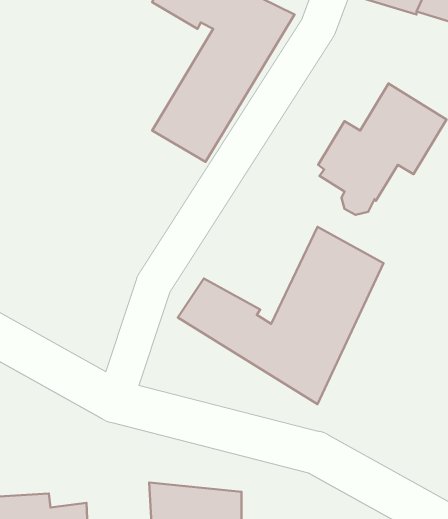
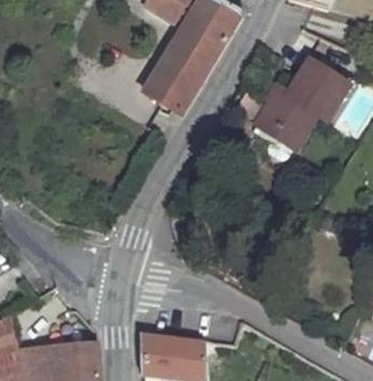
building: [178,227,384,404] -> none

